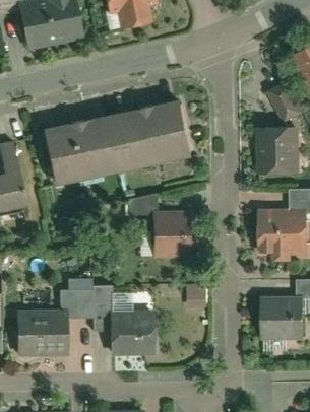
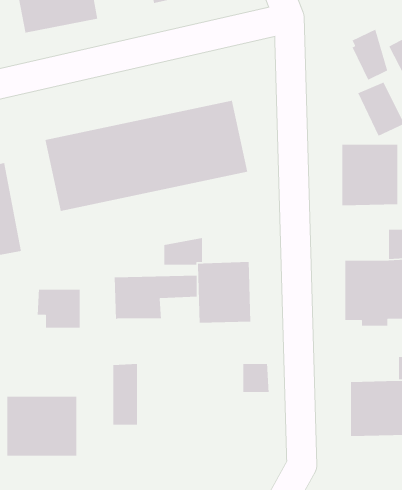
building: none -> [352,29,388,81]
building: none -> [114,275,198,320]
building: [60,290,91,319] -> [37,289,81,328]
building: [110,313,152,353] -> none

